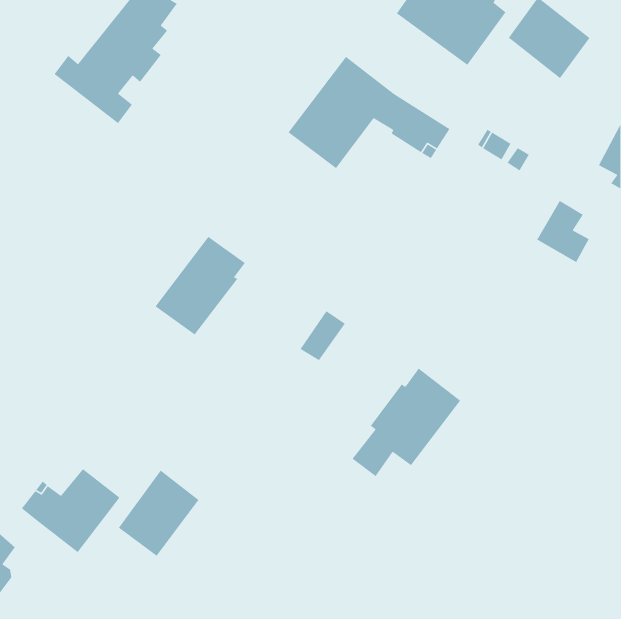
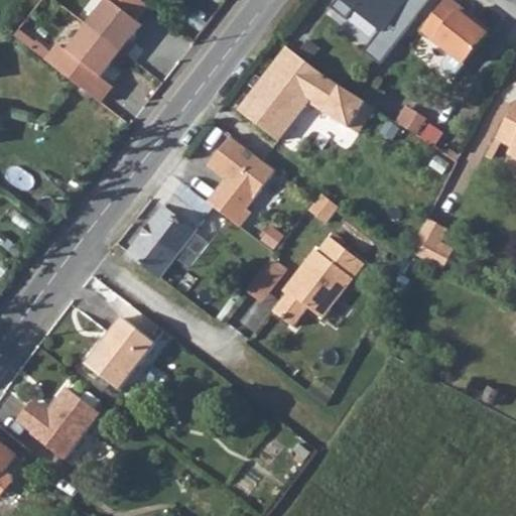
building: none -> [206,134,275,226]
building: [536,200,590,263] -> [406,214,450,266]
building: [351,368,461,477] -> [273,234,364,325]
building: [118,469,200,557] -> [87,316,154,389]

